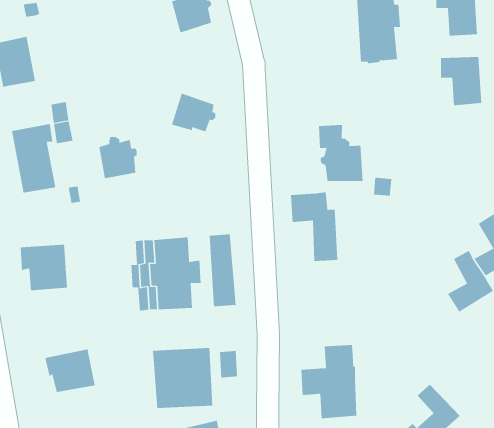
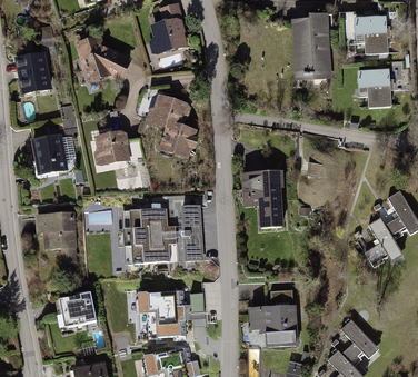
building: none -> [79,38,128,80]
building: [318,124,363,182] -> none
building: none -> [161,122,196,155]

